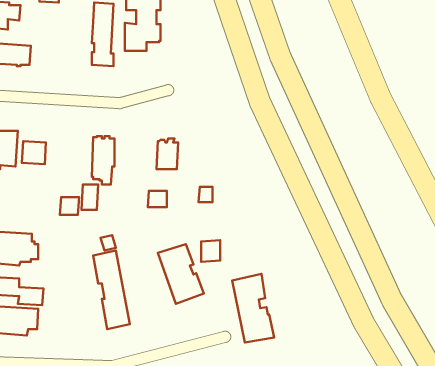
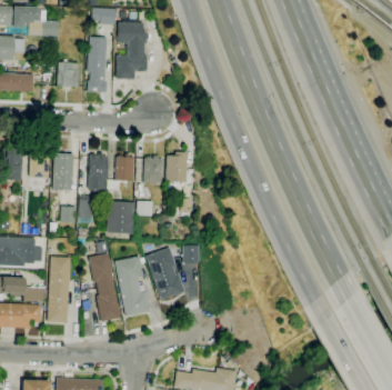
building: none -> [58,62,80,88]
building: none -> [165,151,189,182]
building: none -> [52,153,74,190]
building: none -> [115,153,134,181]
building: none -> [107,201,134,234]
building: none -> [48,256,71,323]
building: [232,274,274,343] -> [114,256,151,316]

